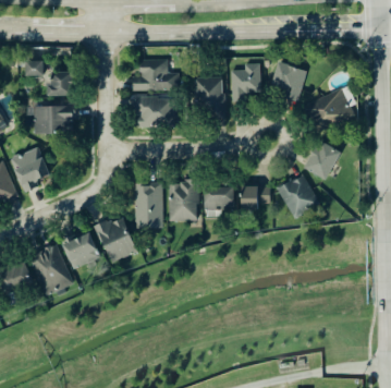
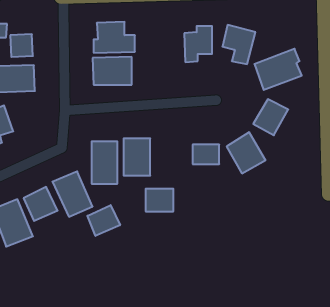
building: [196,75,227,113] -> none
building: [203,185,232,209] -> [146,189,173,211]
building: none -> [87,205,120,236]

